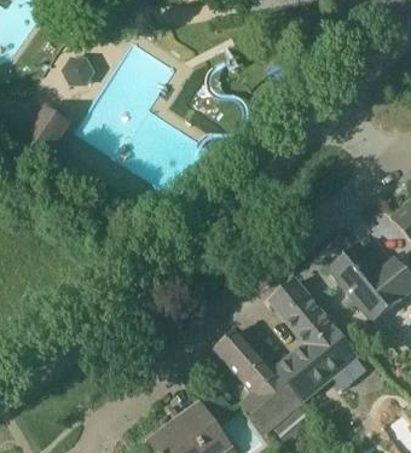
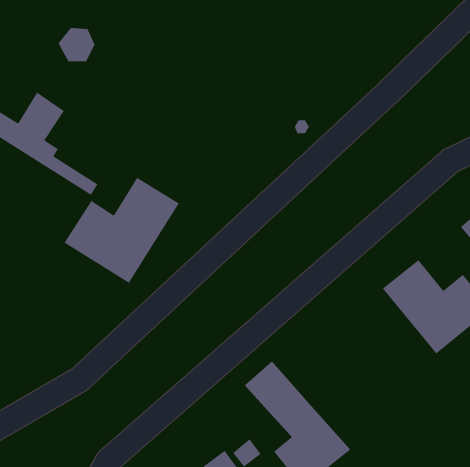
building: none -> [63,177,180,284]
building: [271,279,363,401] -> none

